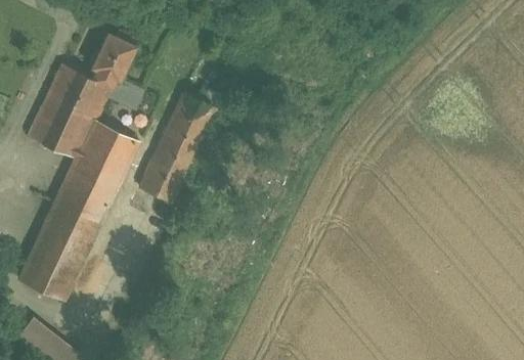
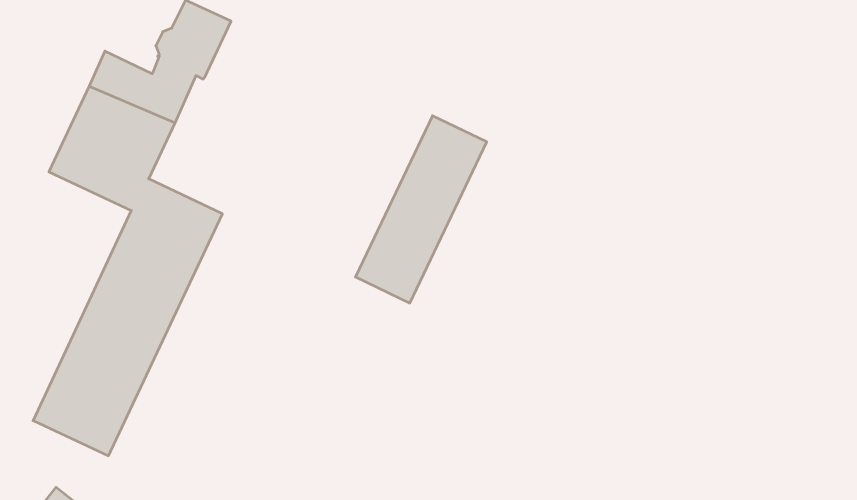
building: [87,78,143,159] -> none
building: [139,92,216,201] -> [355,116,487,303]

